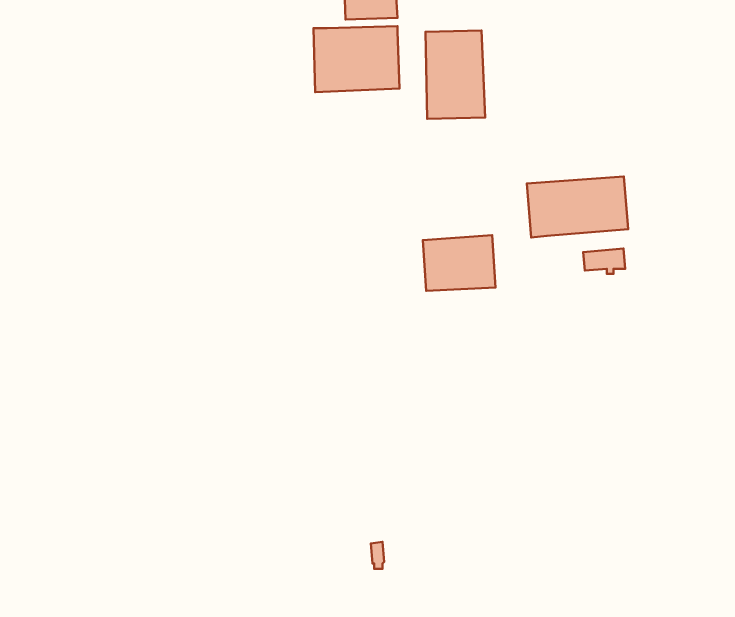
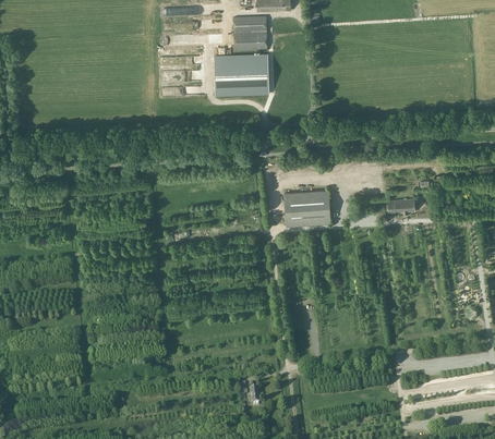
building: [425,31,485,119] -> none
building: [527,176,628,238] -> none

